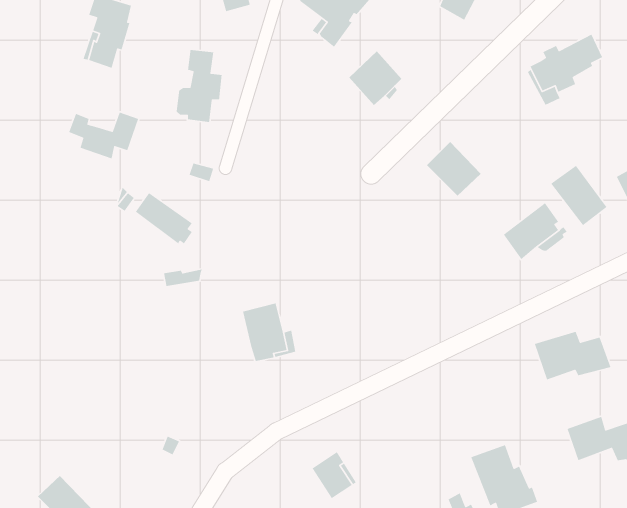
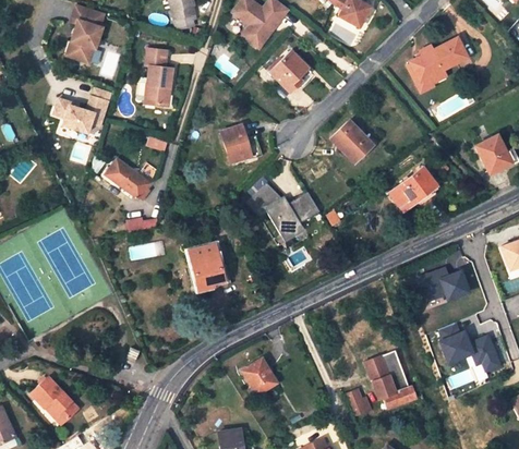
building: none -> [221,125,251,161]
building: [550,165,607,226] -> none
building: none -> [246,182,319,239]

